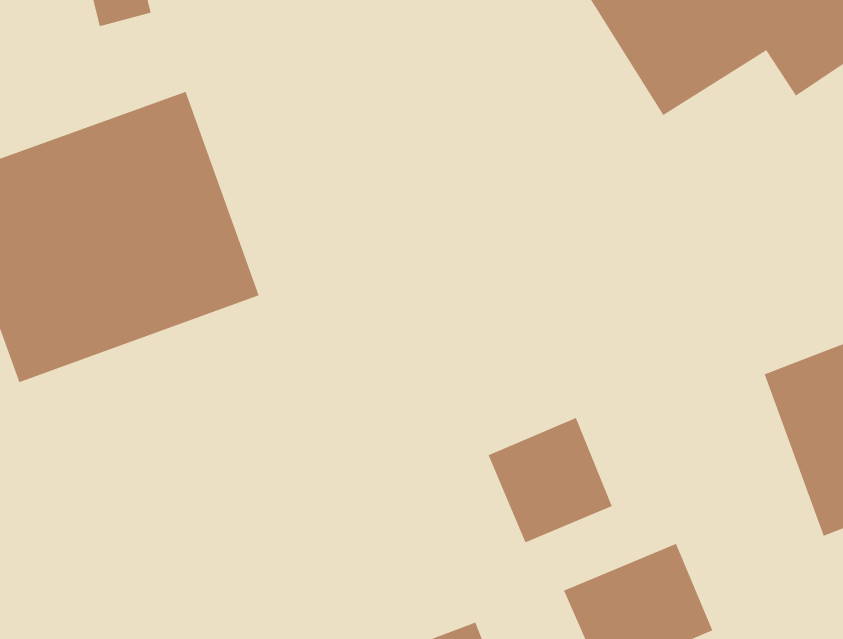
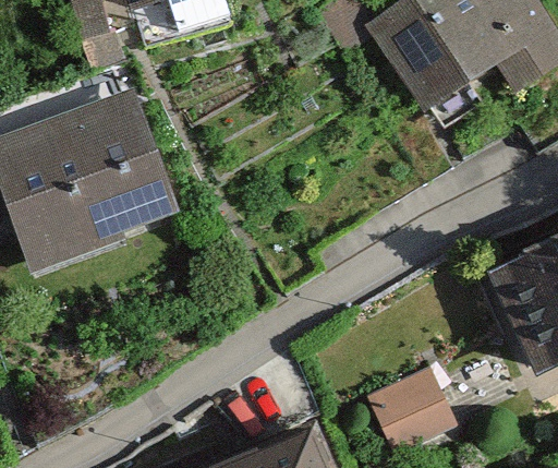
building: [488,417,613,543] -> none

